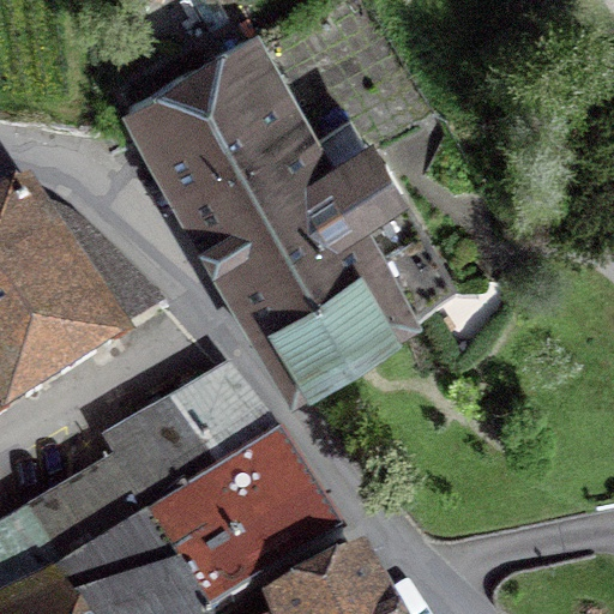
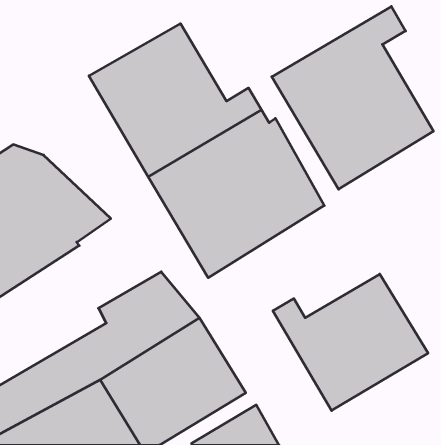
building: none -> [272,6,433,189]
building: none -> [273,274,428,411]

